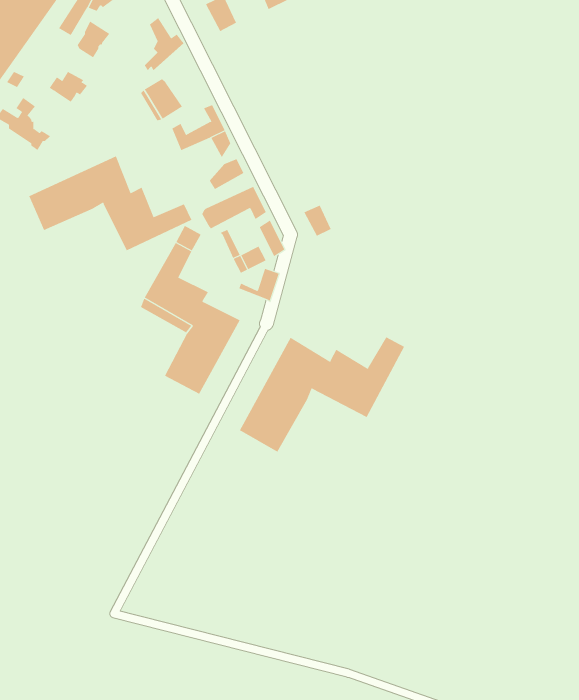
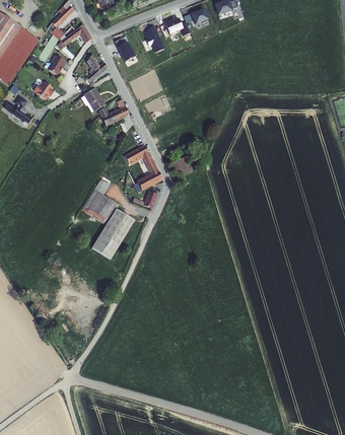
building: [29,156,192,251] -> none
building: [239,336,405,453] -> none

